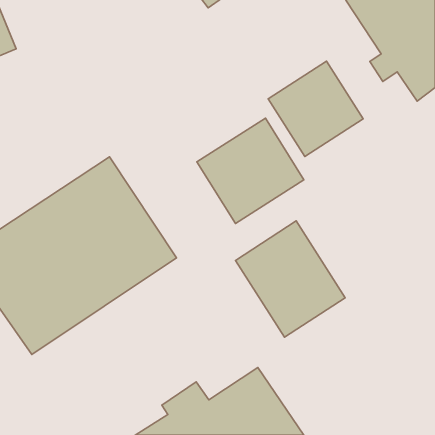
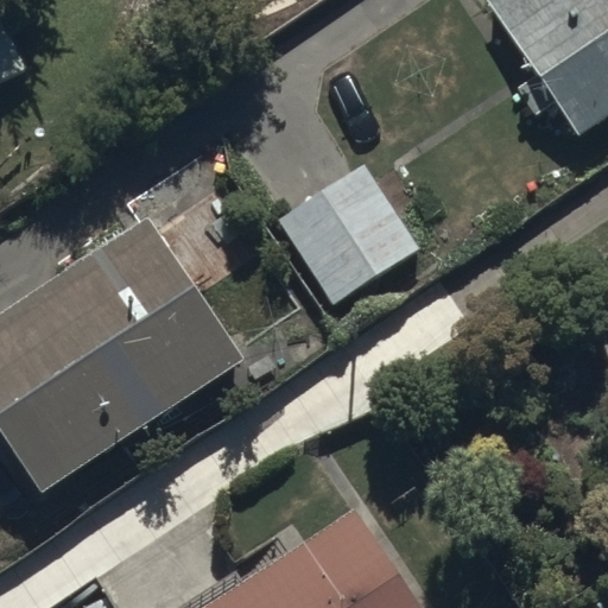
building: [268,61,363,157] -> none
building: [236,221,345,337] -> none

